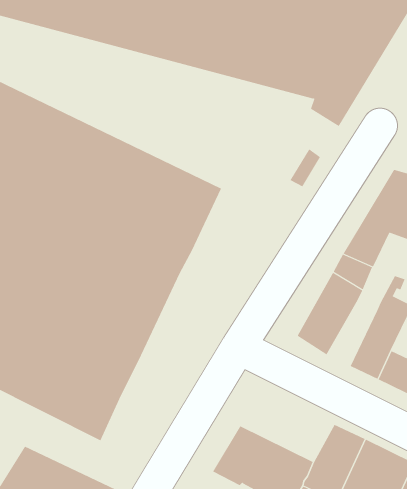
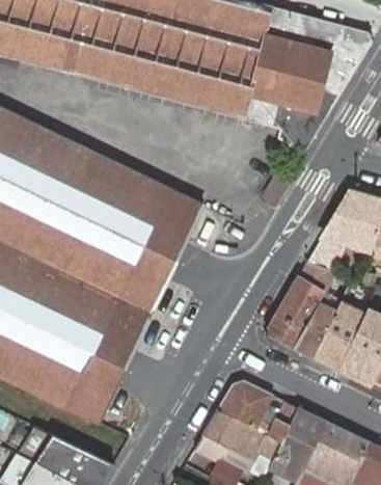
building: none -> [293,303,335,358]
building: none -> [218,381,299,440]

